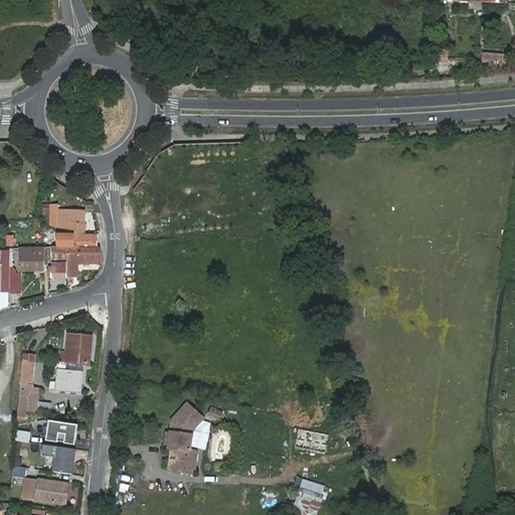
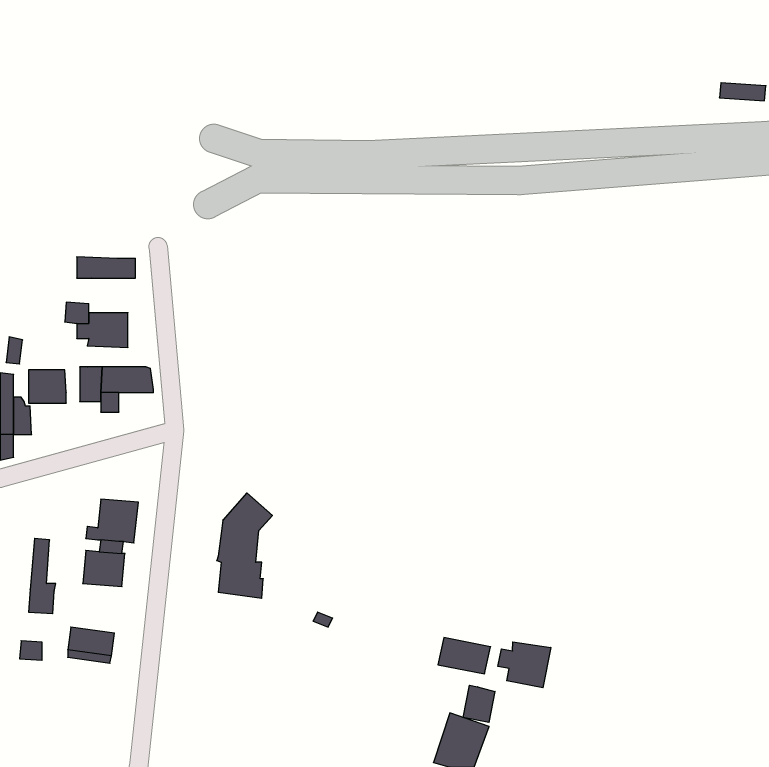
building: [58,231,98,245] -> [77,257,135,278]
building: [167,404,204,475] -> [217,493,272,598]
building: none -> [498,642,551,688]
building: [51,447,73,474] -> none
building: none -> [463,685,495,722]
building: [13,466,68,504] -> none

